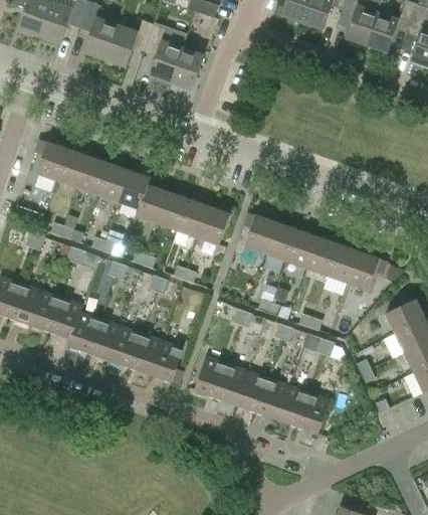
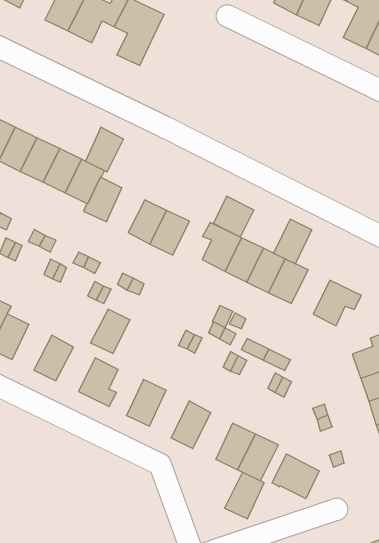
building: [170,47,203,90] -> none
building: none -> [213,196,254,237]
building: [157,191,188,229] -> [85,127,124,172]
building: [327,243,358,282] -> [274,219,312,264]
building: [88,320,121,359] -> none
building: [129,335,161,373] -> [90,309,130,354]
building: [215,363,247,404] -> none
building: [255,378,287,418] -> [225,472,264,519]
building: none -> [272,454,319,499]

